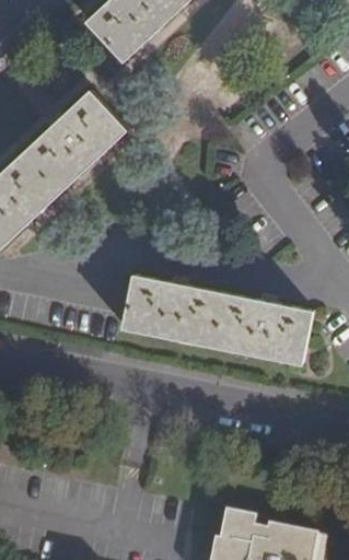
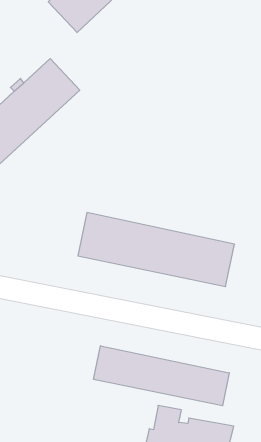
building: none -> [94,346,229,406]

